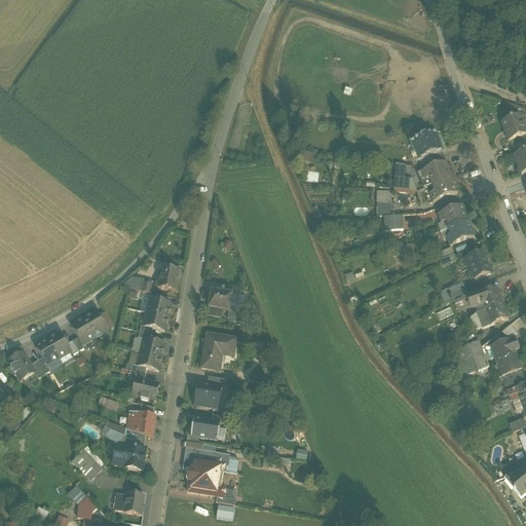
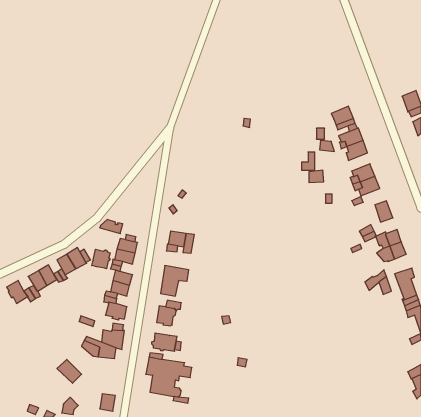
building: [158,265,180,290] -> none
building: none -> [92,249,110,269]
building: [114,445,145,468] -> none

